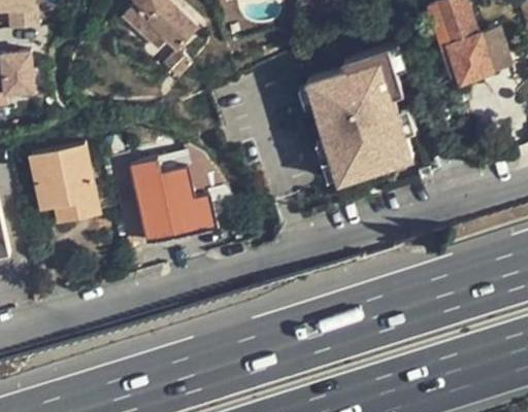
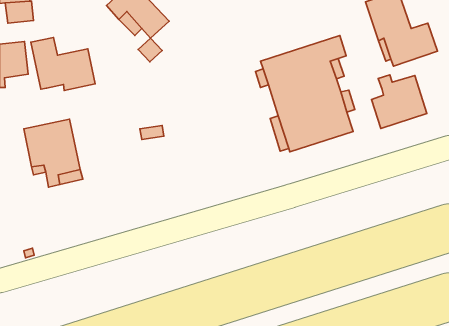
building: none -> [31,37,95,90]
building: none -> [372,75,427,128]
building: [108,154,214,245] -> none

